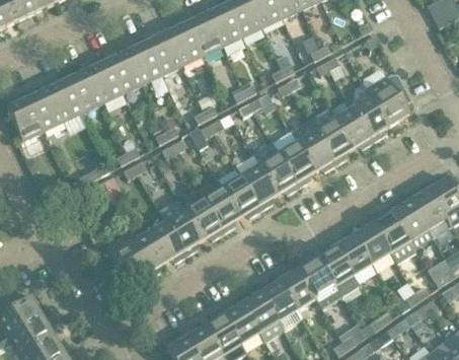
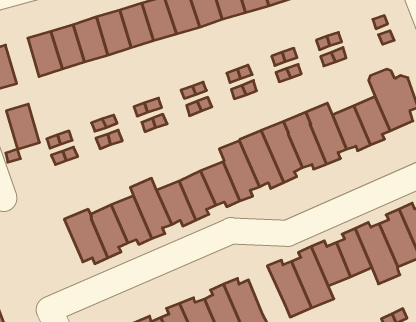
building: [28,88,63,131] -> [6,104,40,149]
building: [280,265,316,309] -> none

